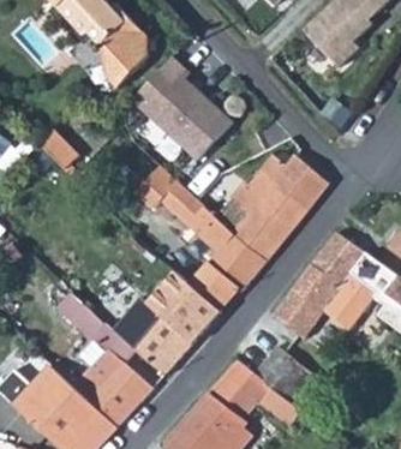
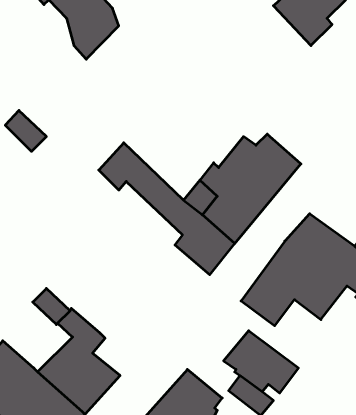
building: [131,56,232,161] -> none
building: [134,270,222,375] -> none
building: [219,361,269,409] -> none

